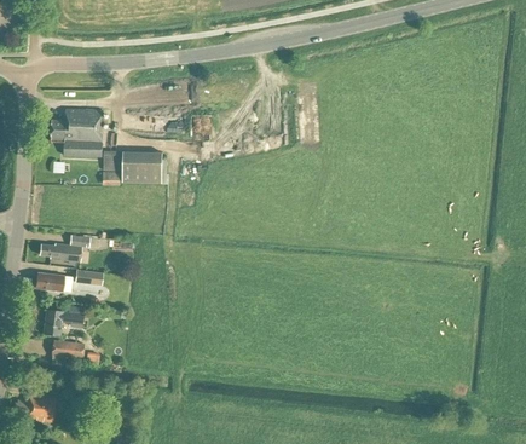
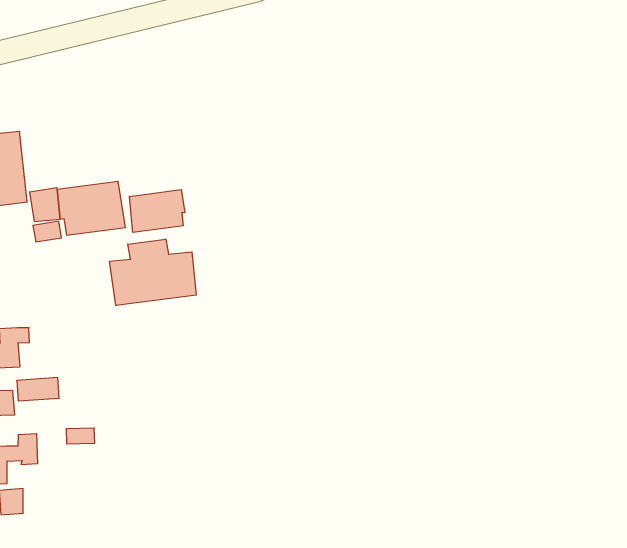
building: none -> [129,190,185,232]
building: none -> [109,239,196,306]

